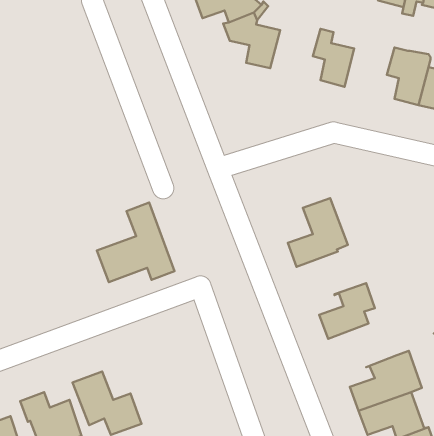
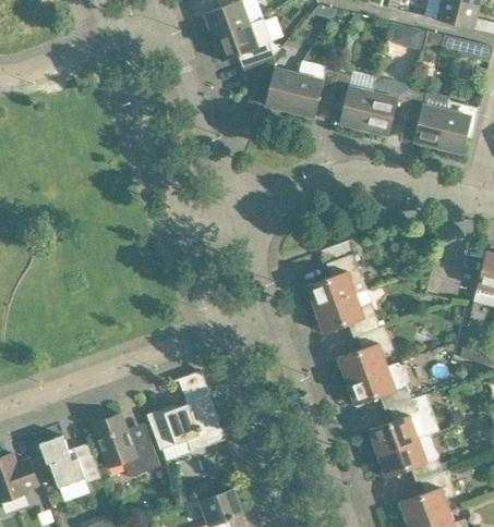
building: none -> [289,63,339,118]
building: none -> [363,82,413,135]
building: [97,203,174,282] -> [148,370,226,450]
building: none -> [315,294,385,336]
building: none -> [347,363,415,409]

